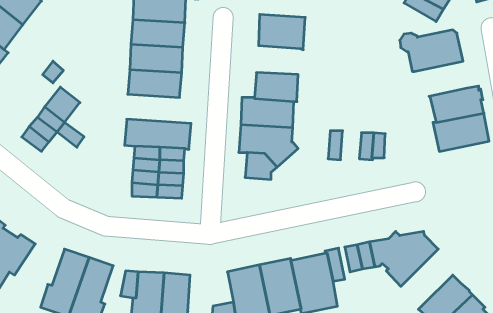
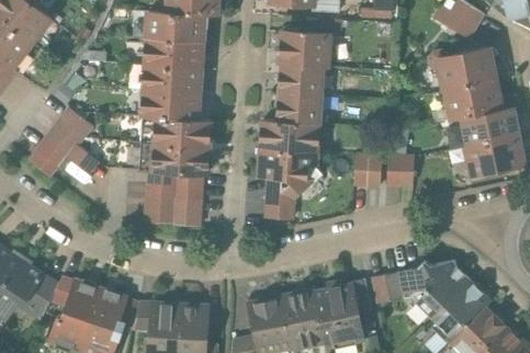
building: none -> [278,65,324,95]
building: none -> [444,81,500,121]
building: none -> [140,116,210,147]
building: none -> [22,274,58,319]
building: none -> [430,280,490,340]

